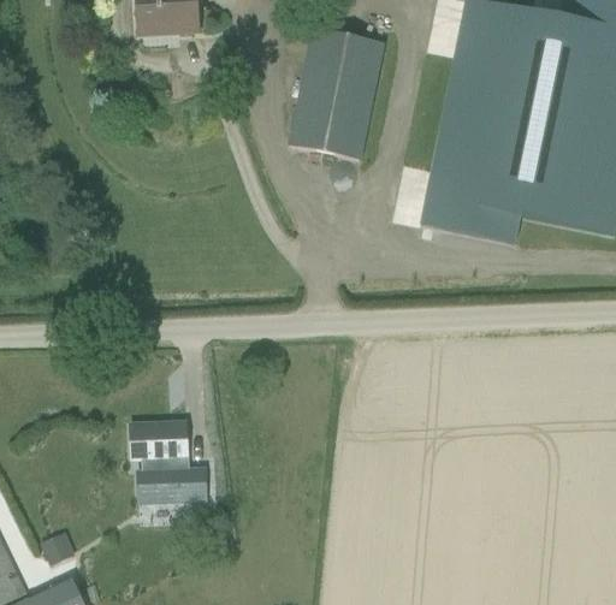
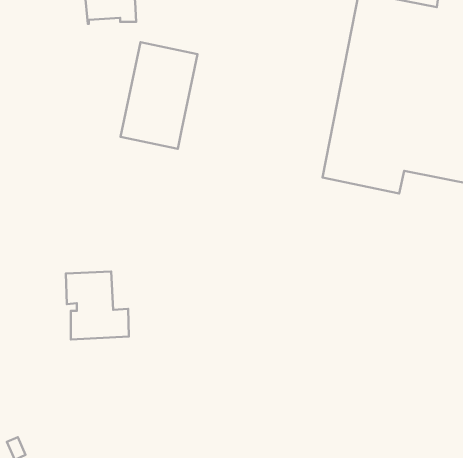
building: [289,30,383,160] -> [121,42,198,149]
building: [130,423,207,506] -> [66,271,129,340]

